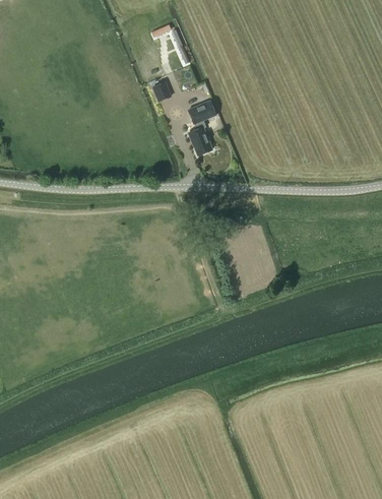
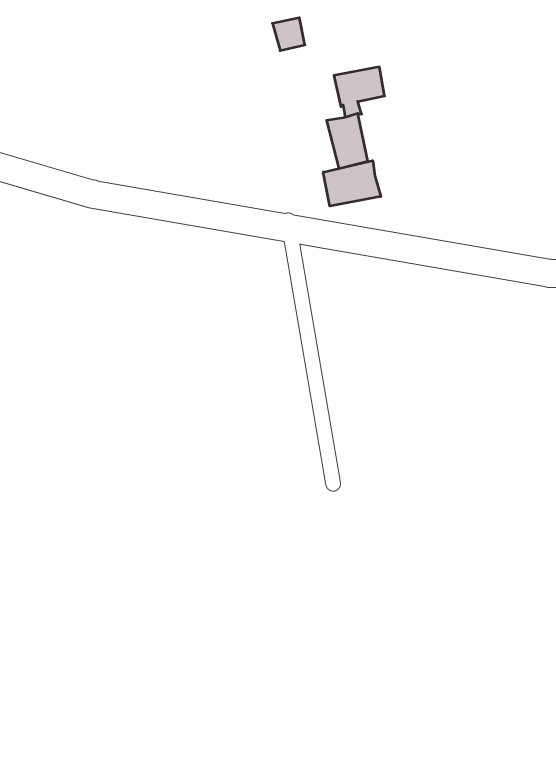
building: none -> [323,161,381,206]

